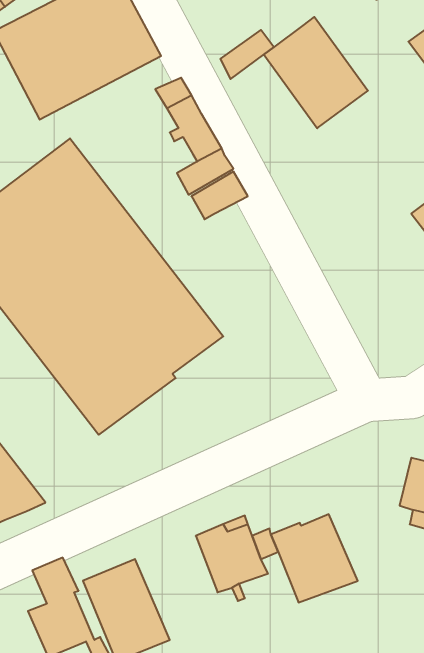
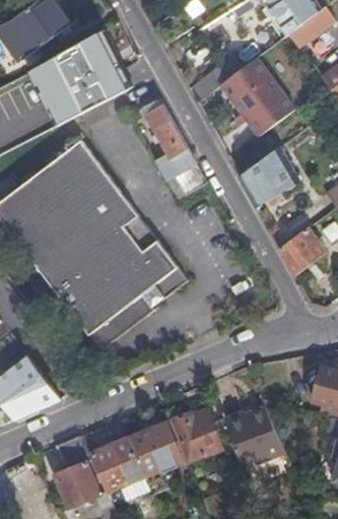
building: none -> [236,145,296,204]
building: none -> [277,226,322,273]
building: none -> [127,423,181,475]

